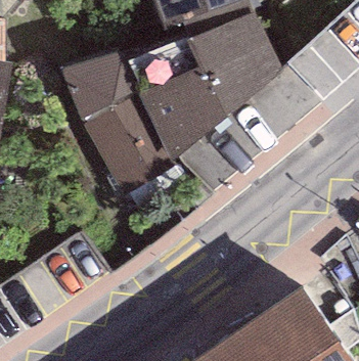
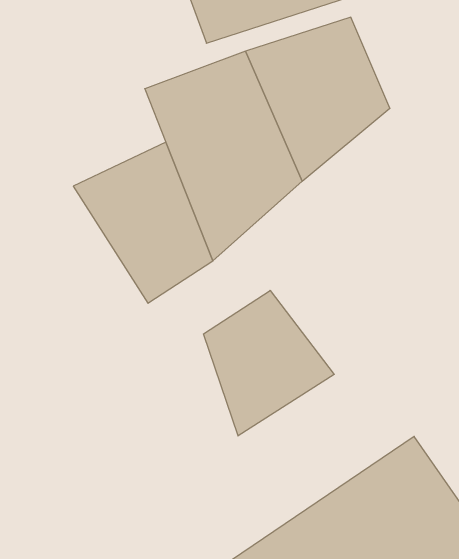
building: [60,47,139,120] -> none
building: none -> [203,290,334,436]

